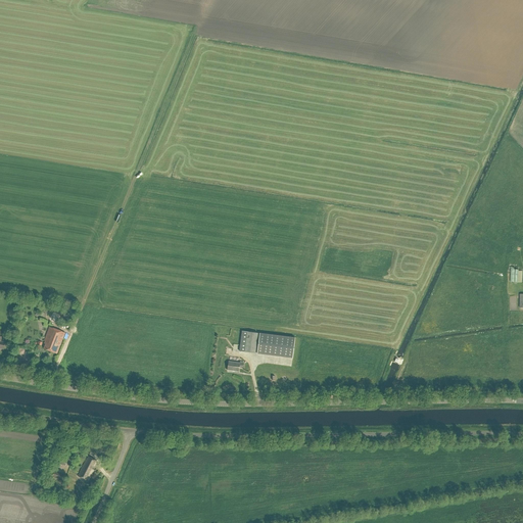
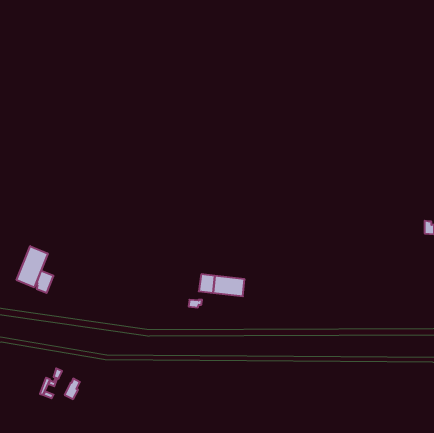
building: none -> [17,246,48,287]

